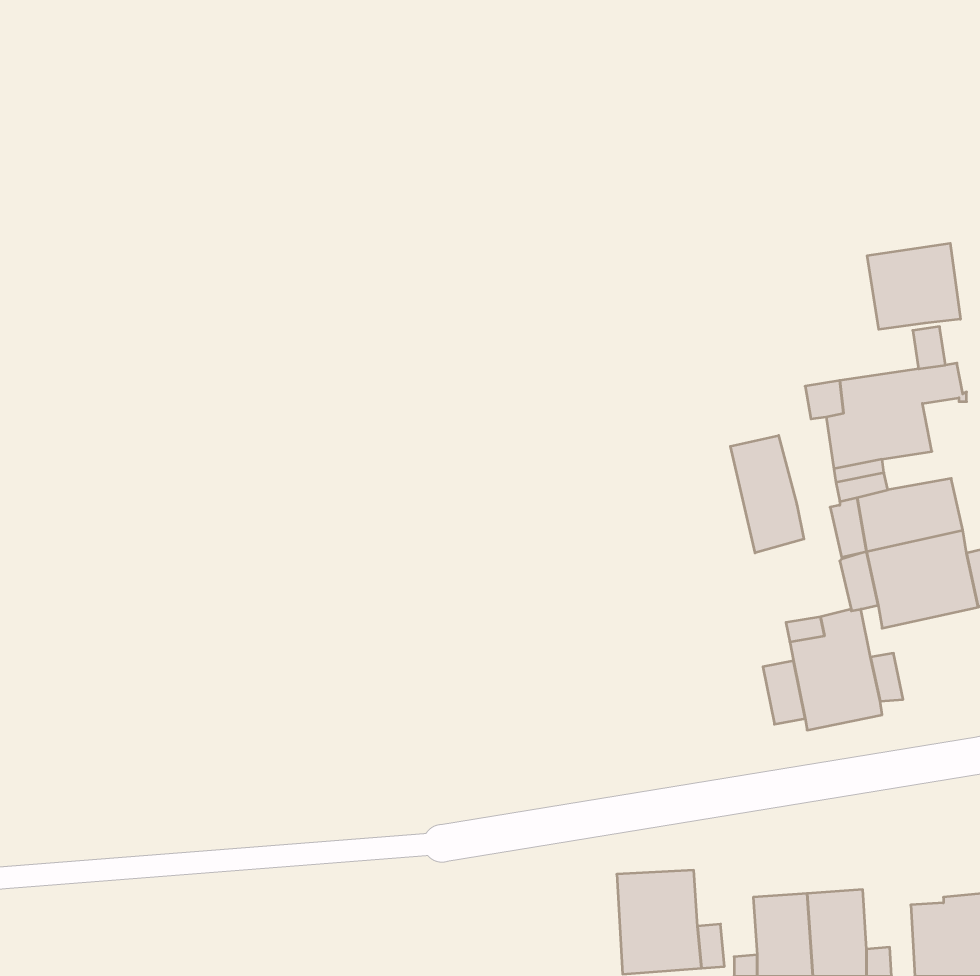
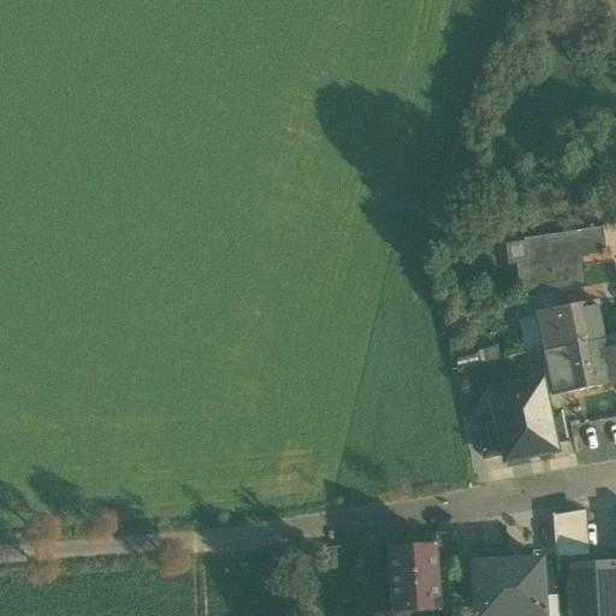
building: [867,243,960,329] -> none
building: [730,435,804,553] -> none
building: none -> [553,508,588,553]

